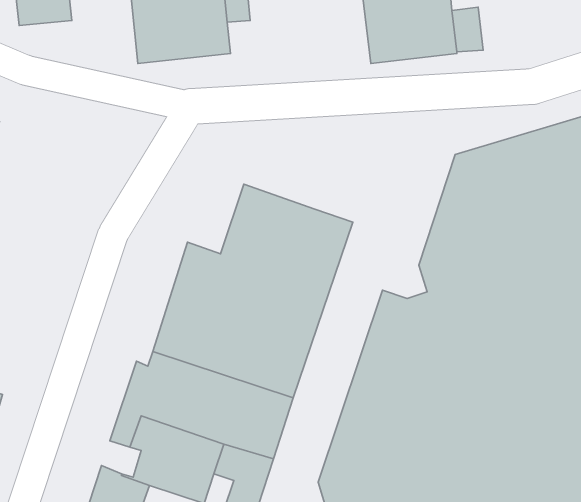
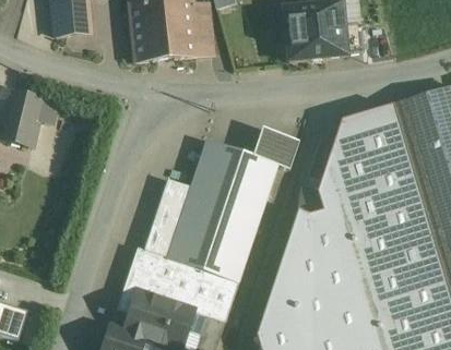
building: none -> [252,126,299,168]

